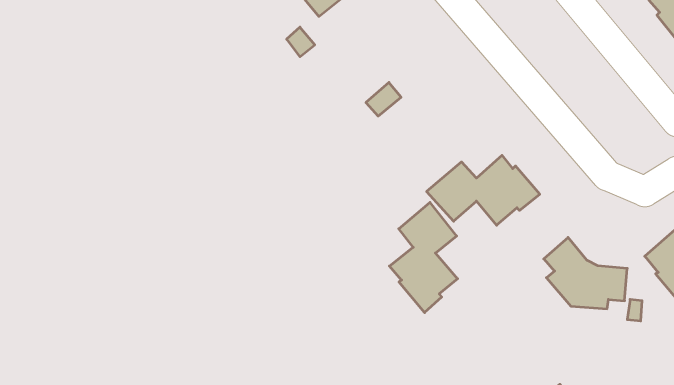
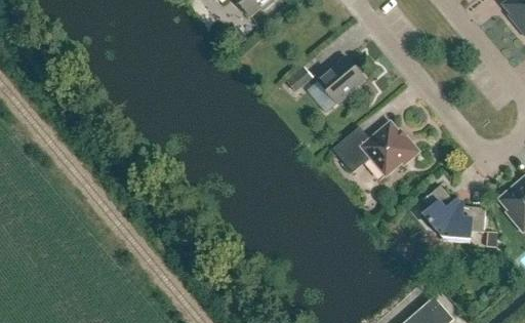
building: none -> [319,56,366,104]
building: [389,202,458,313] -> none

